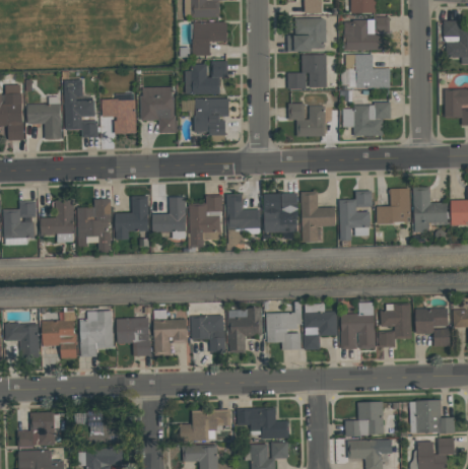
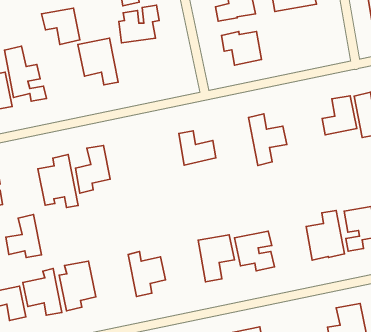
building: [194,98,228,135] -> none
building: [102,99,136,134] -> [42,8,80,44]
building: [343,105,391,136] -> none
building: [340,191,372,241] -> none
building: [264,193,298,232] -> none
building: [152,196,186,239] -> none
building: [190,196,222,247] -> none
building: [41,199,74,242] -> [6,215,42,258]
building: [305,304,337,350] -> none
building: [192,316,224,352] -> none
building: [117,318,151,356] -> none

